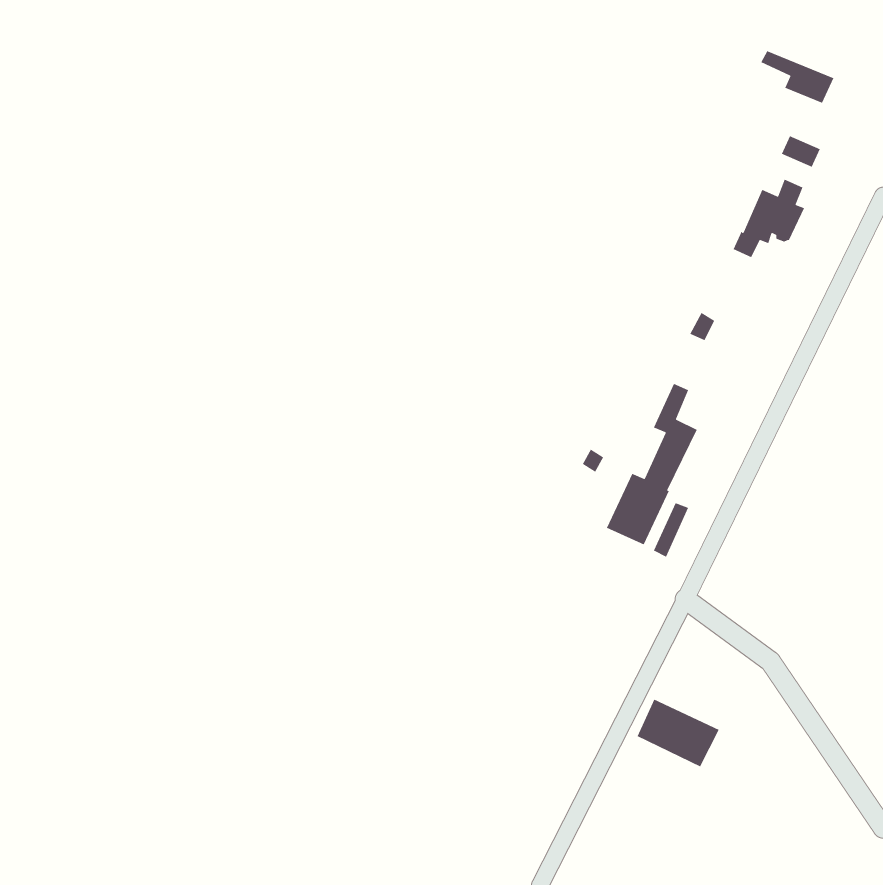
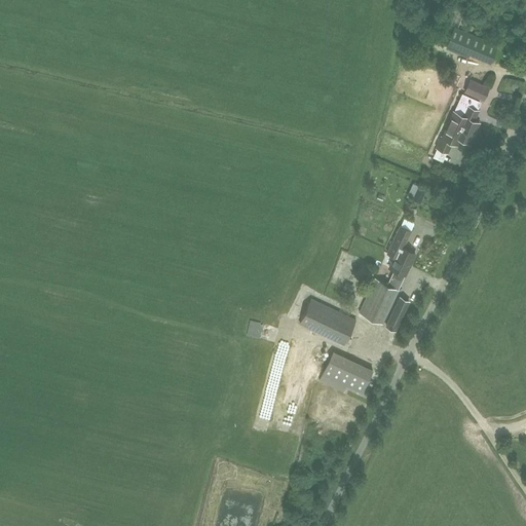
building: none -> [299,299,354,344]
building: [637,698,720,768] -> [322,351,371,392]

